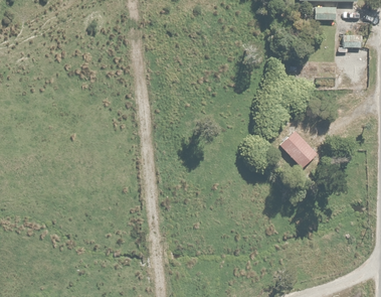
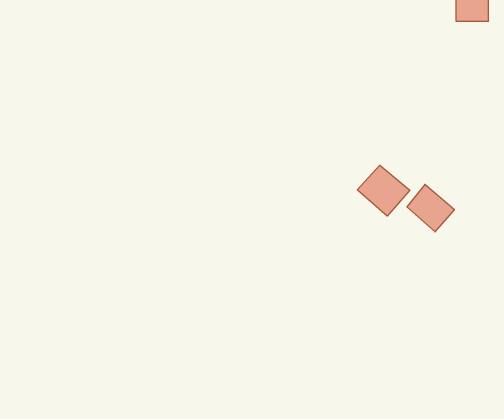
building: none -> [357,165,410,216]

